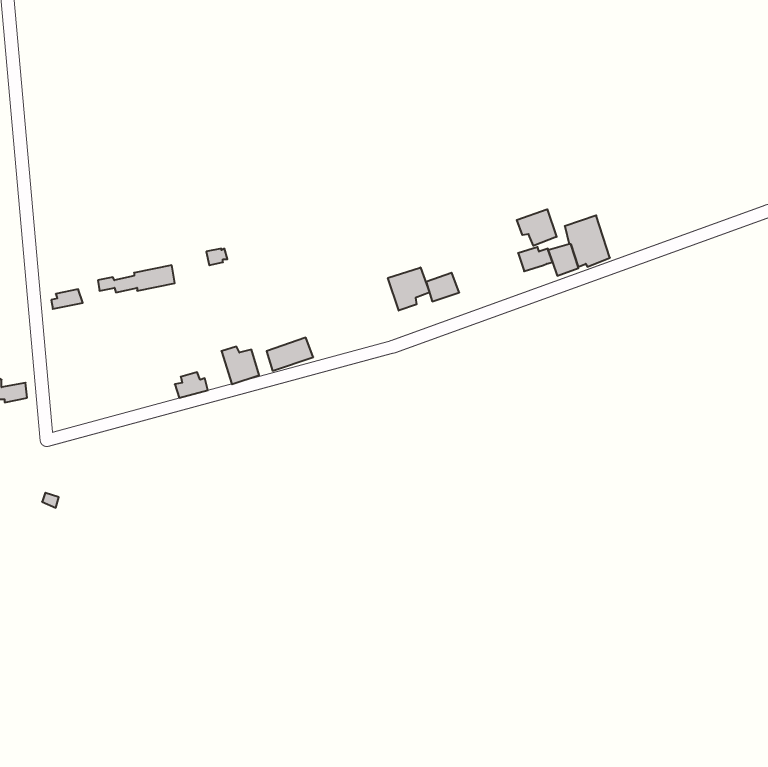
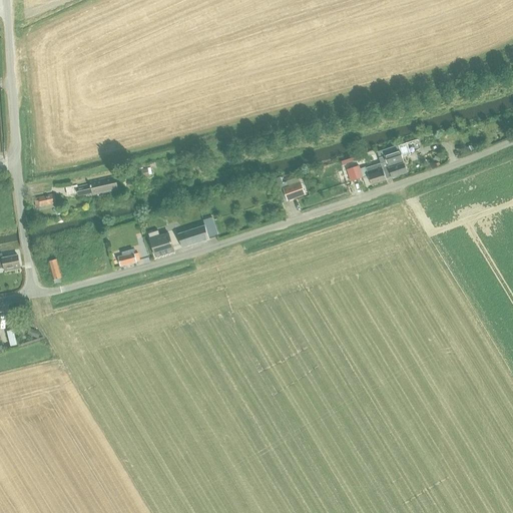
building: [517,209,557,246] -> none
building: [388,267,429,311] -> none

